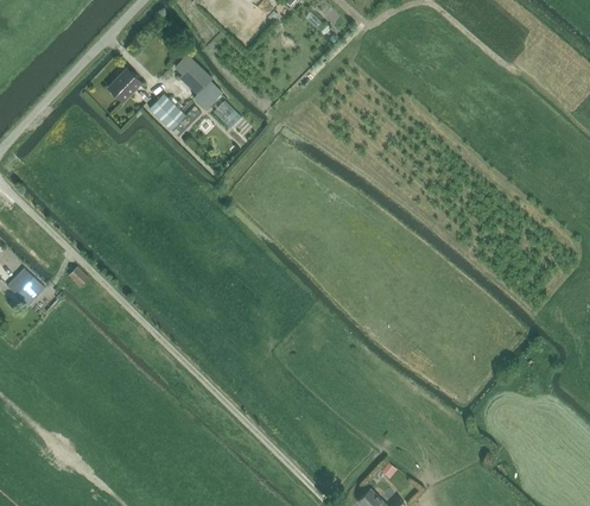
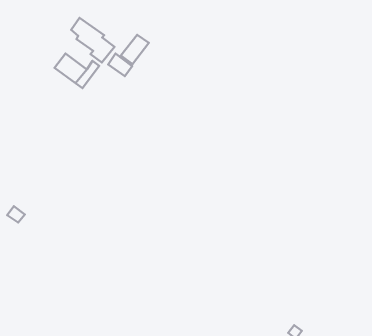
building: [108,68,142,102] -> none
building: none -> [121,35,149,64]

